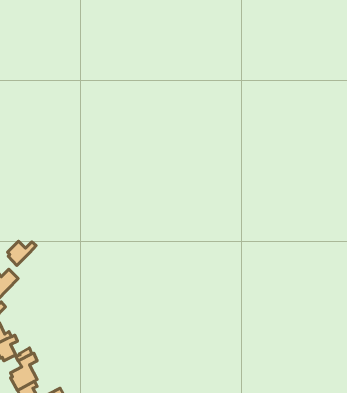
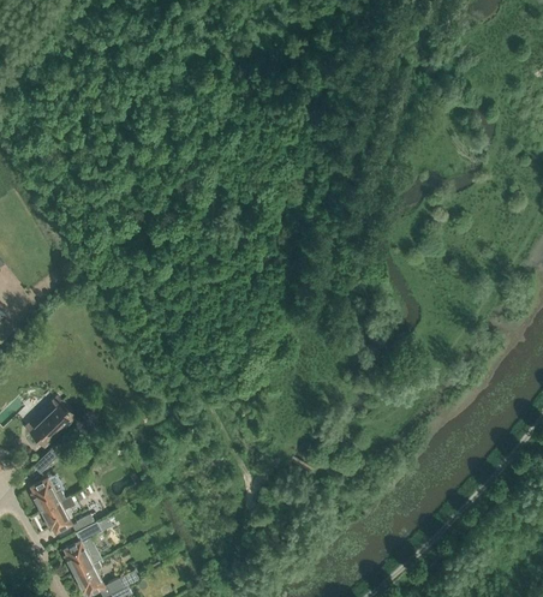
building: [7,241,36,265] -> none

